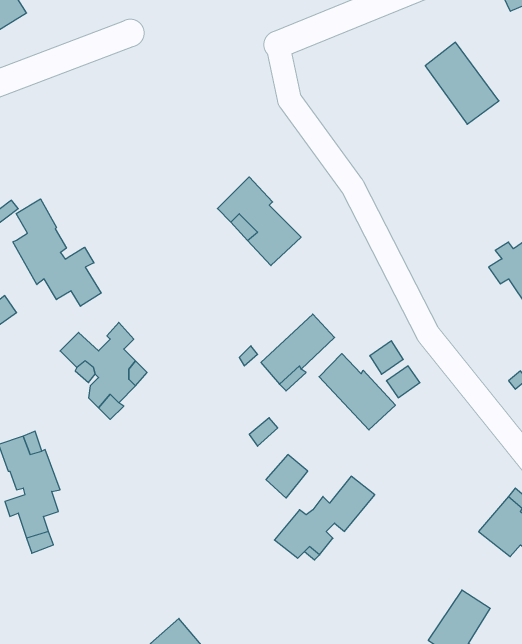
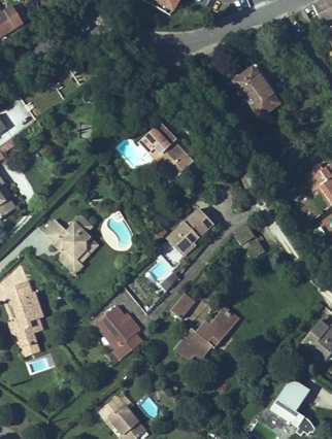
building: [425,42,499,124] -> [234,65,279,115]
building: [13,199,101,306] -> none
building: [319,354,395,430] -> none
building: none -> [95,304,142,364]

